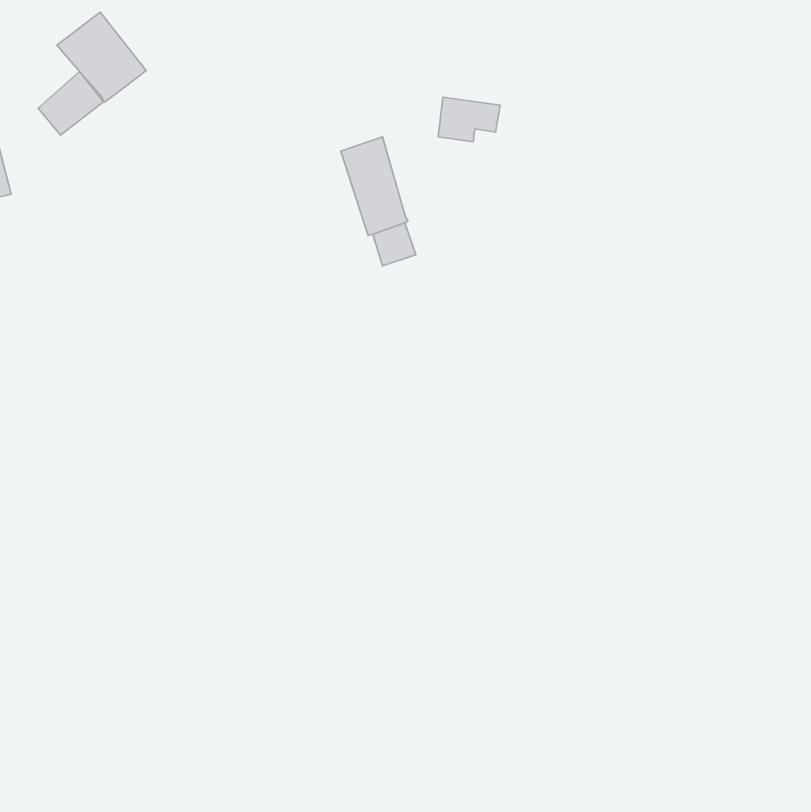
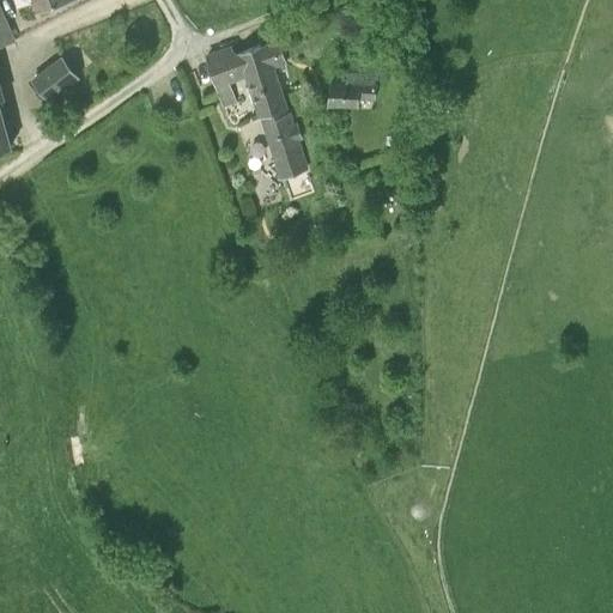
building: [57,12,146,102] -> none
building: none -> [212,28,287,115]

